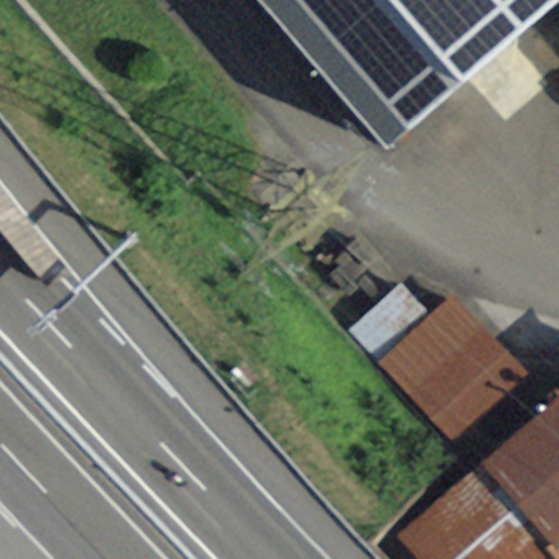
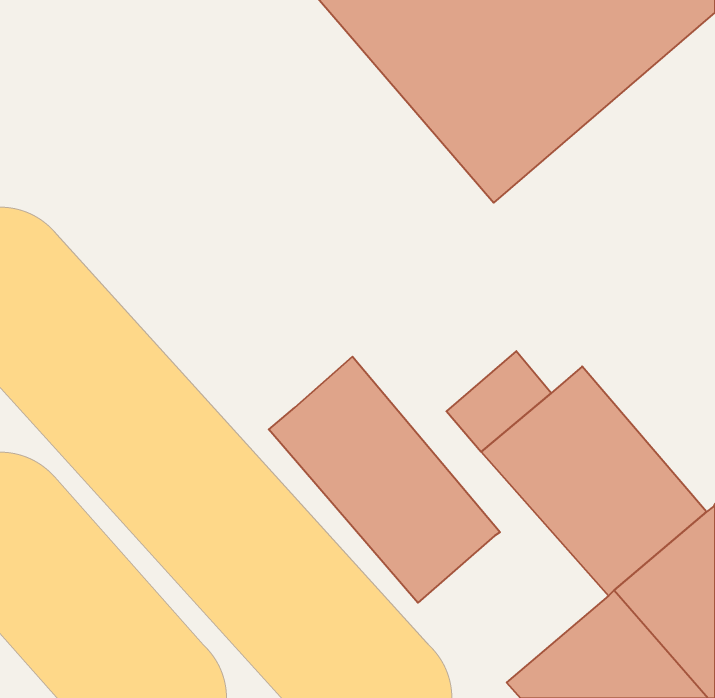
building: none -> [269,357,500,603]

